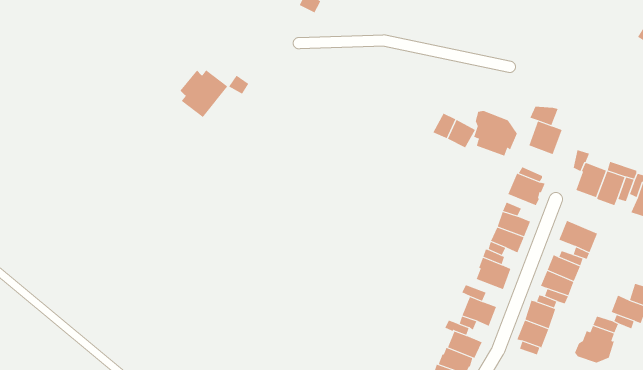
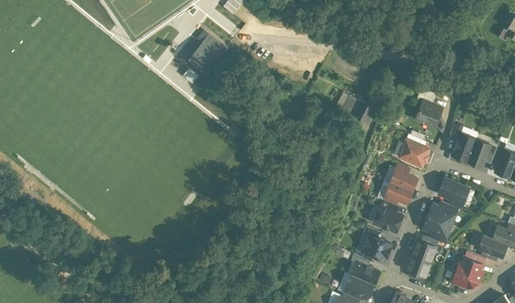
building: [180,69,228,118] -> [188,35,226,72]
building: [473,110,517,156] -> none

